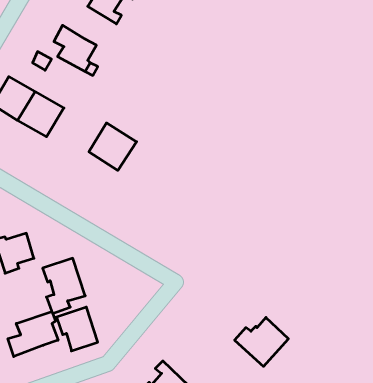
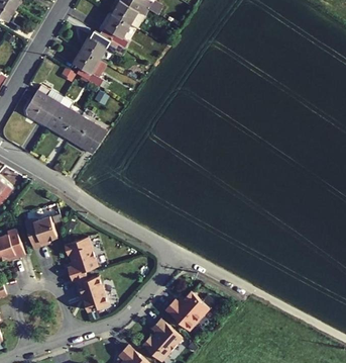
building: none -> [81,34,124,61]
building: [89,123,137,170] -> [68,116,106,155]
building: [8,312,58,357] -> none
building: [235,317,288,366] -> [166,293,210,333]

